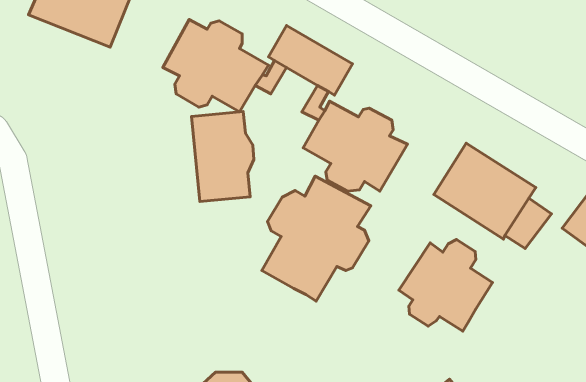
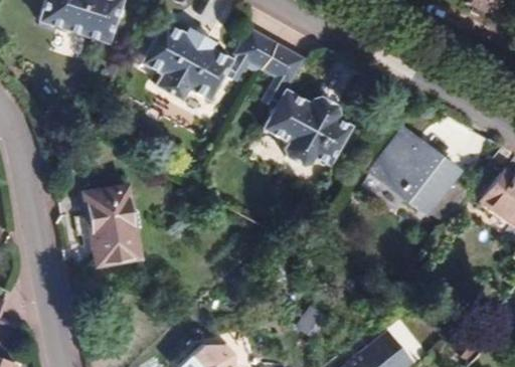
building: [192,112,254,202] -> [93,190,145,265]
building: [262,176,371,301] -> none
building: [399,240,492,331] -> none

